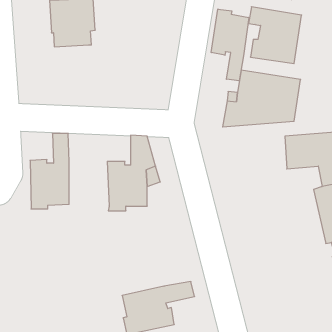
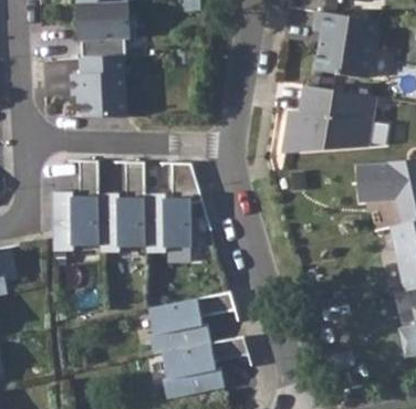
building: [211,9,249,81] -> none
building: none -> [70,55,124,117]
building: none -> [98,160,146,251]
building: none -> [148,292,235,354]

